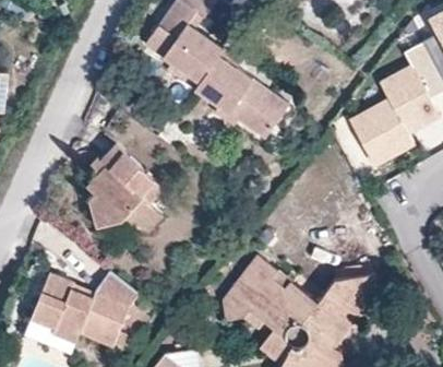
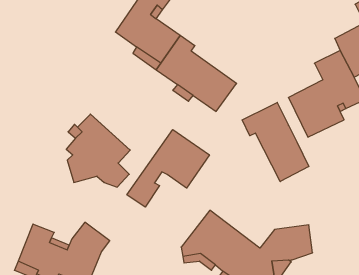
building: none -> [242,102,309,182]
building: none -> [127,130,209,207]

